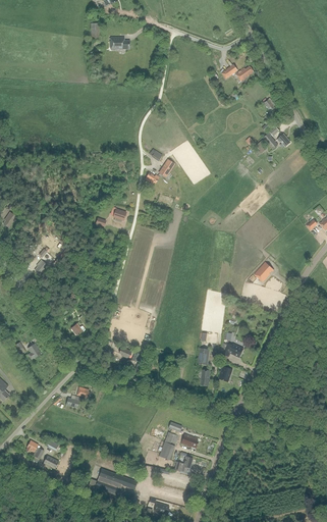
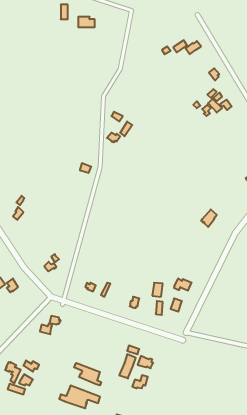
building: none -> [74,363,101,385]

